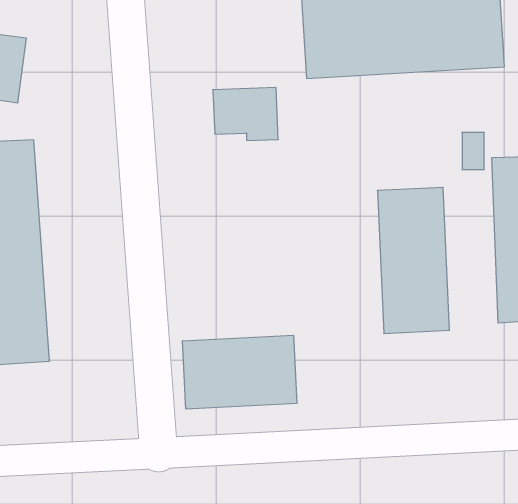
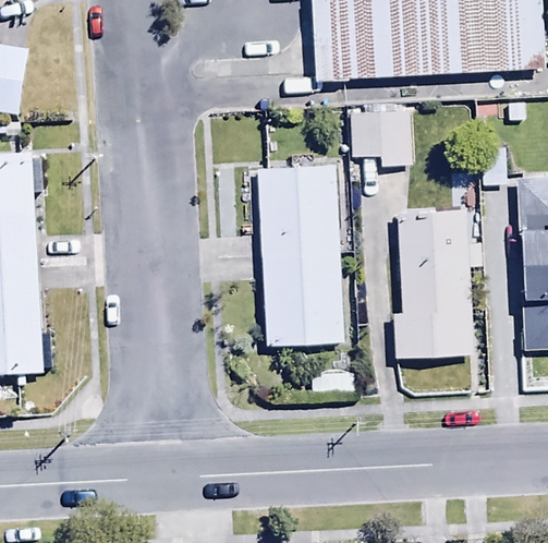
building: [213,88,278,140] -> [344,105,412,159]
building: none -> [256,159,352,343]
building: [183,335,297,409] -> none

